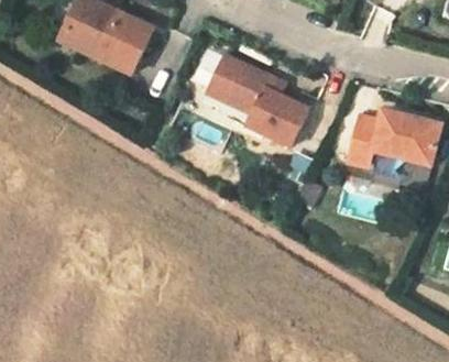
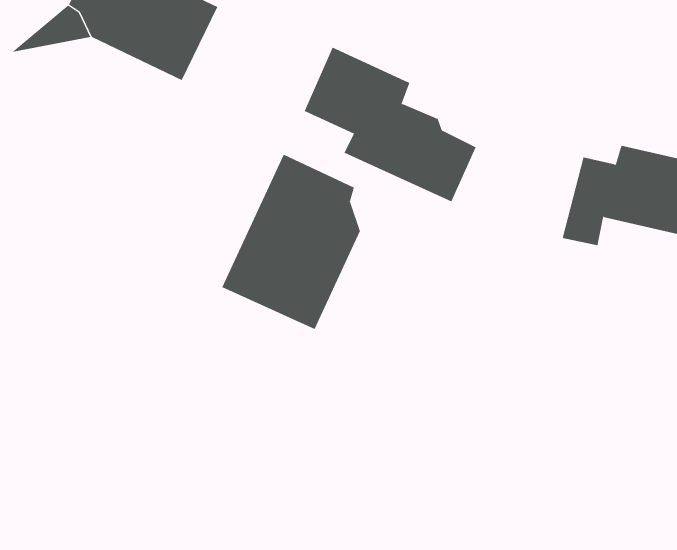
building: none -> [221,154,361,330]

